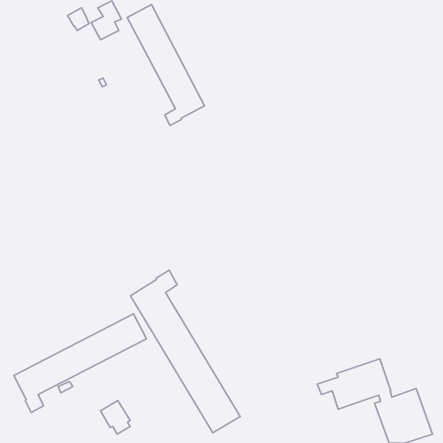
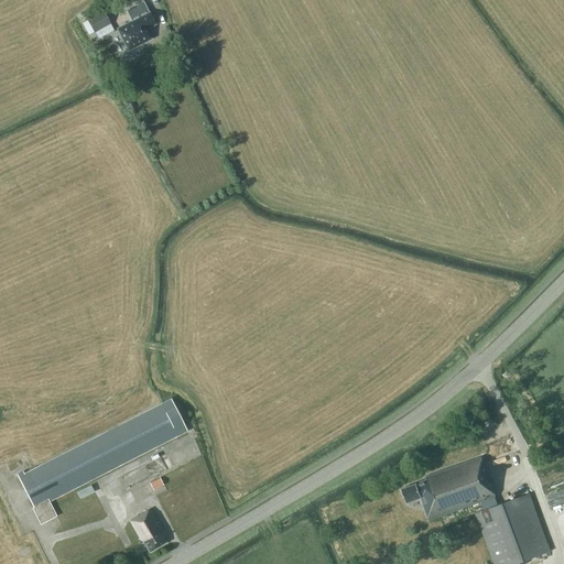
building: [127,5,205,126] -> none
building: [130,270,240,433] -> none

